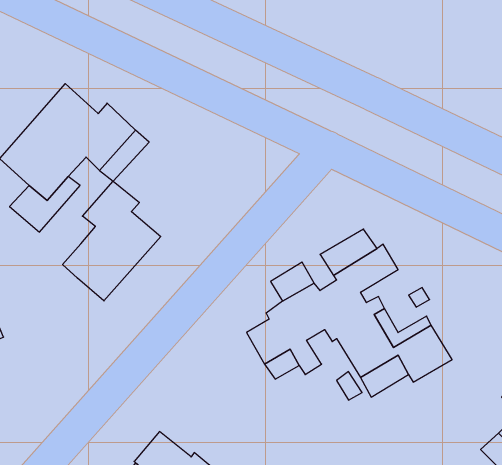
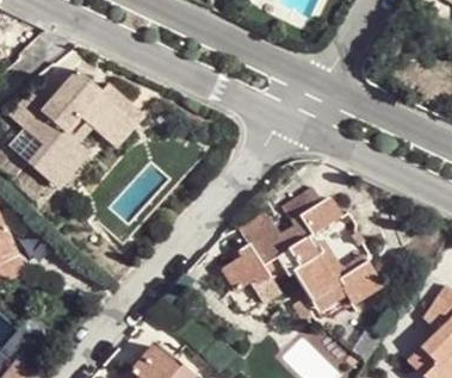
building: [63,181,161,301] -> none

